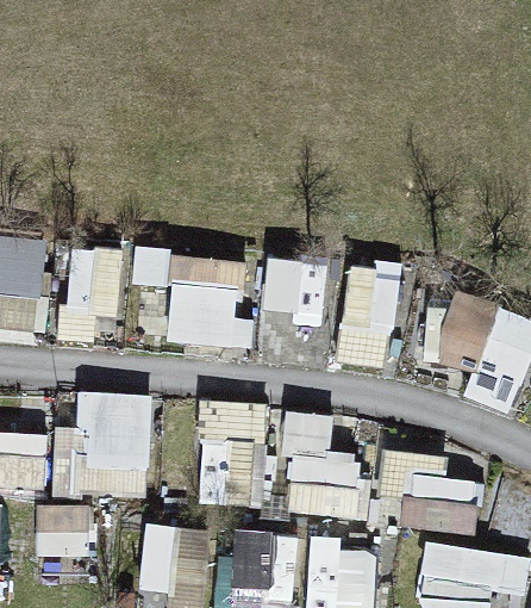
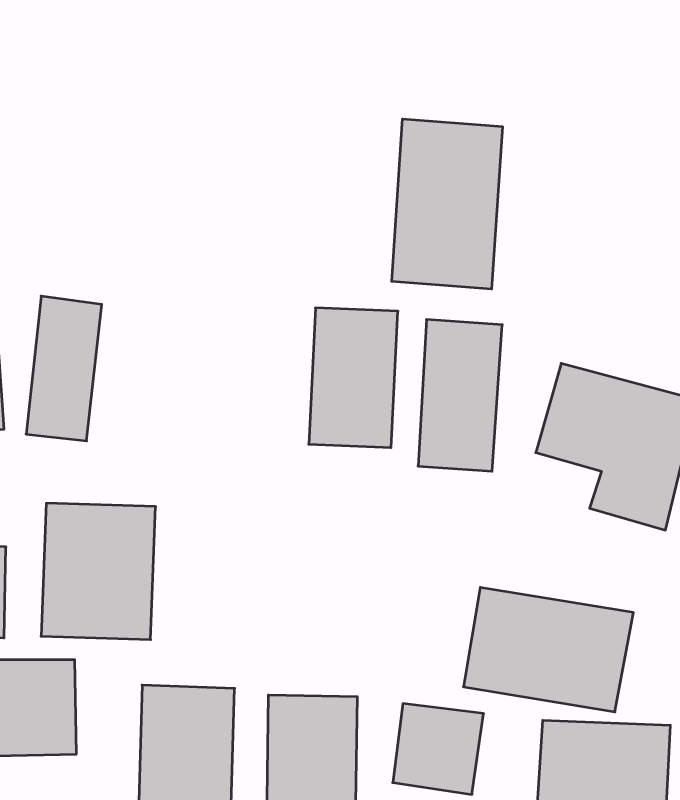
building: none -> [392,119,502,289]
building: [168,261,237,350] -> none
building: [196,403,258,502] -> none
building: [279,411,366,519] -> none

